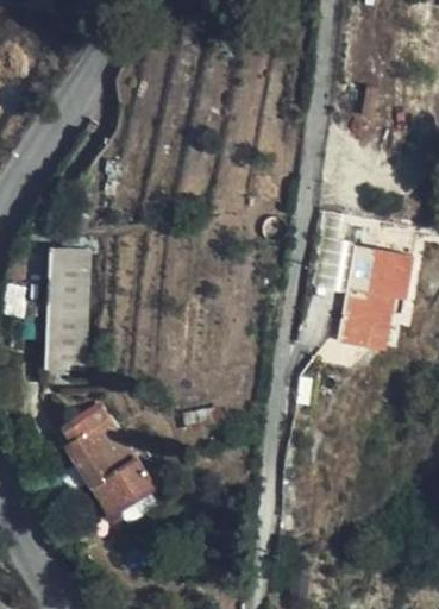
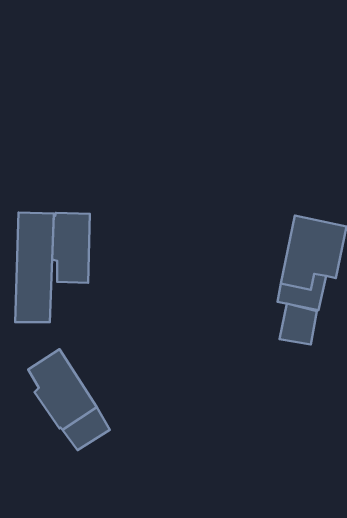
building: none -> [52,213,90,283]
building: none -> [279,304,317,344]

